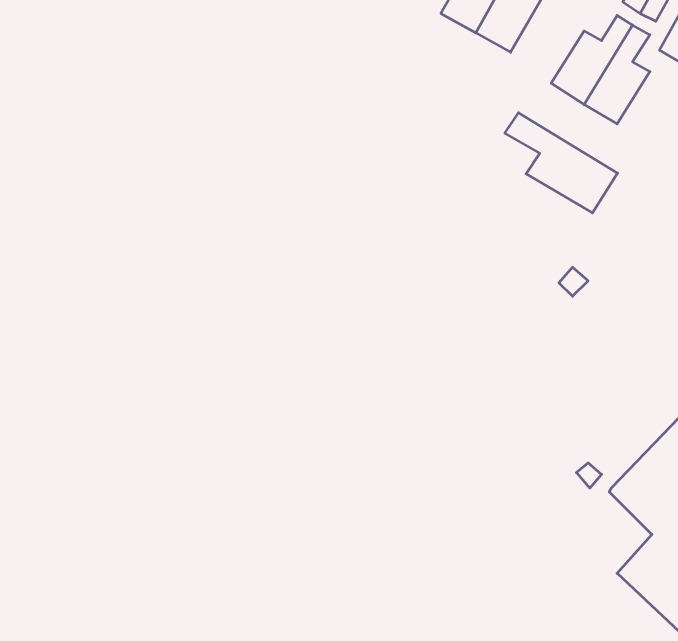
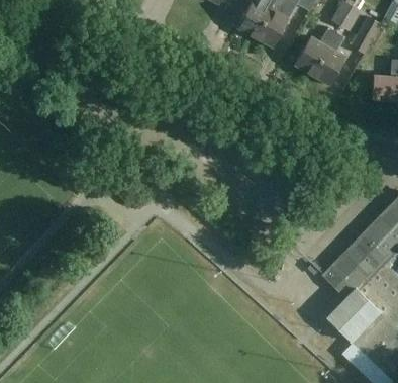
building: [505,113,618,213] -> none

